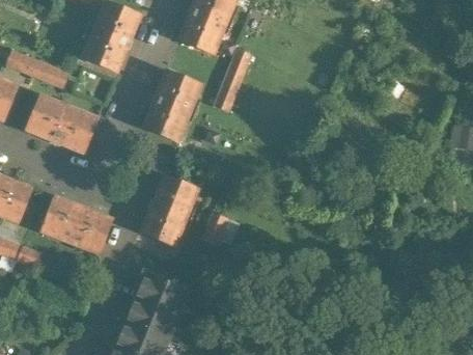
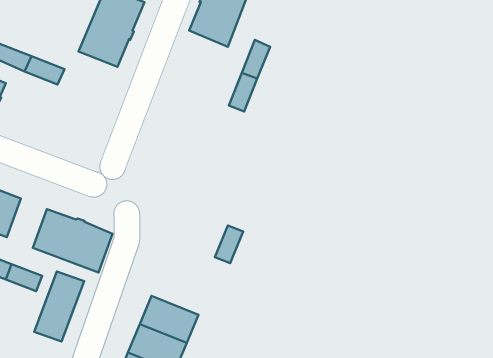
building: [143,71,201,141] -> none
building: [26,95,98,153] -> none
building: [141,174,198,246] -> none
building: none -> [34,271,84,342]

